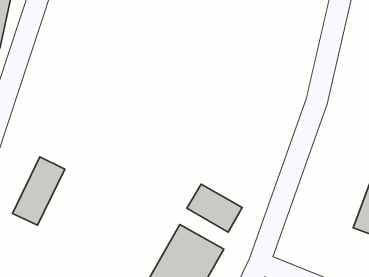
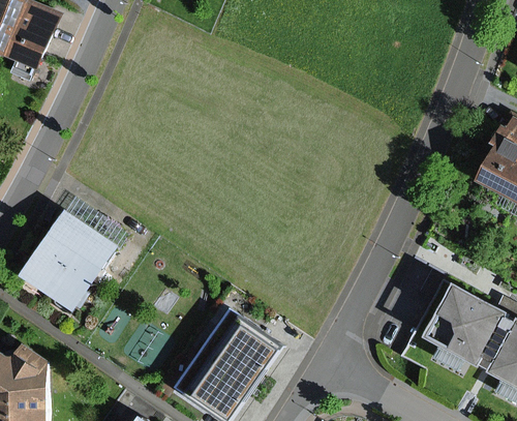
building: none -> [53,228,119,307]
building: [187,184,242,232] -> none

